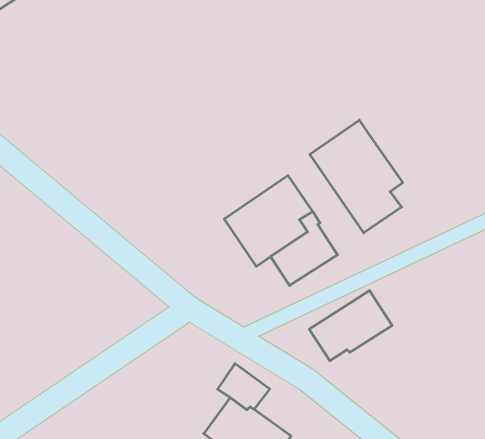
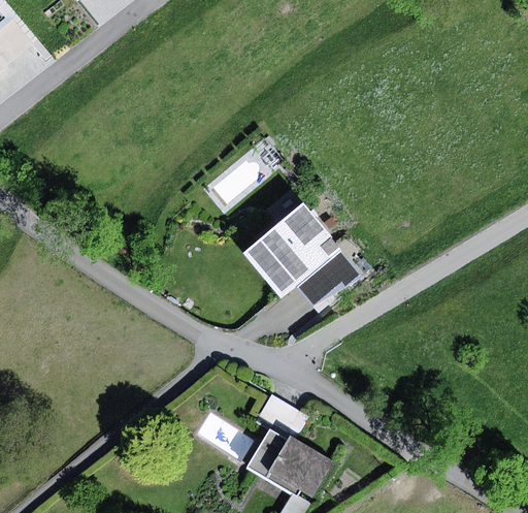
building: [310,120,403,233] -> none
building: [309,291,392,361] -> none

